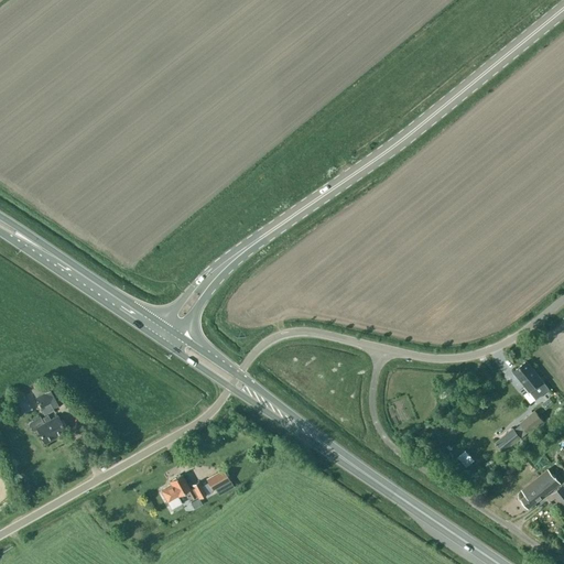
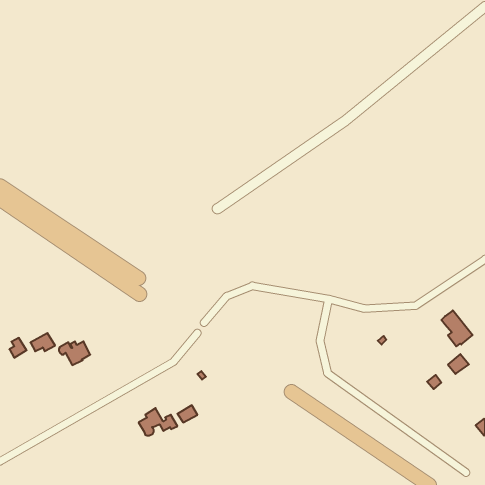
building: [29,415,65,443] -> [59,341,90,365]
building: [521,478,554,508] -> none

